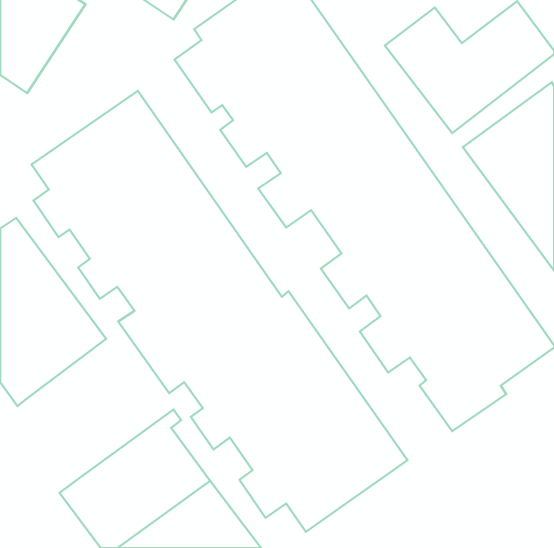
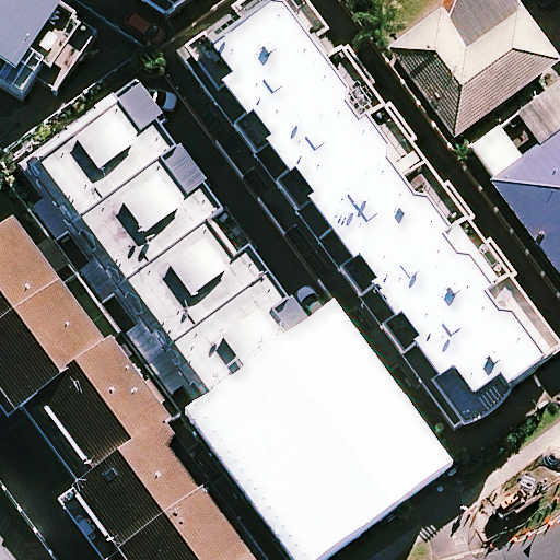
building: none -> [24,342,175,482]

